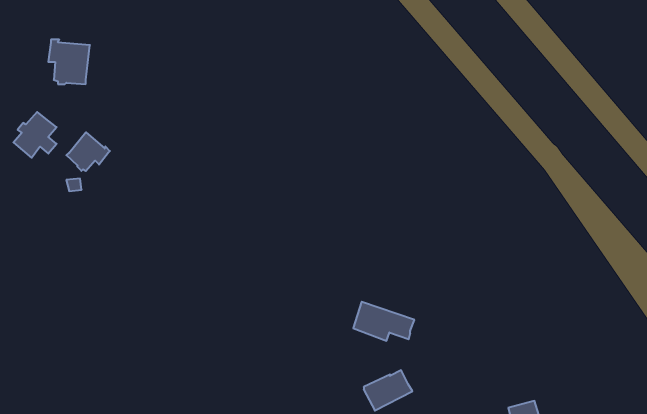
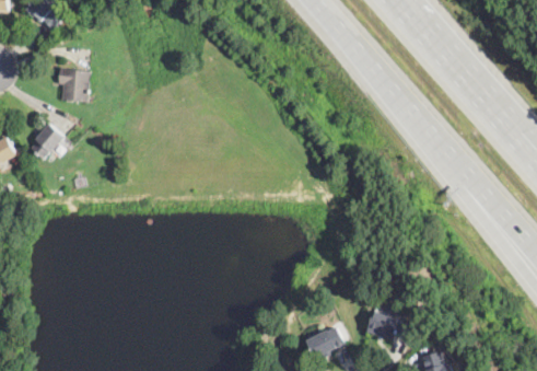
building: [66,132,110,171] -> none
building: [353,302,414,341] -> [366,311,415,341]

